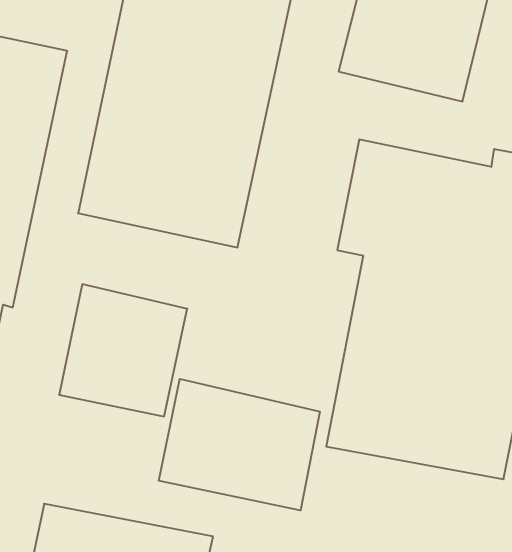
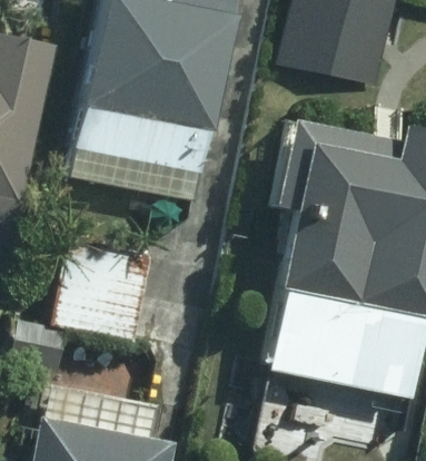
building: [159,379,320,510] -> none

